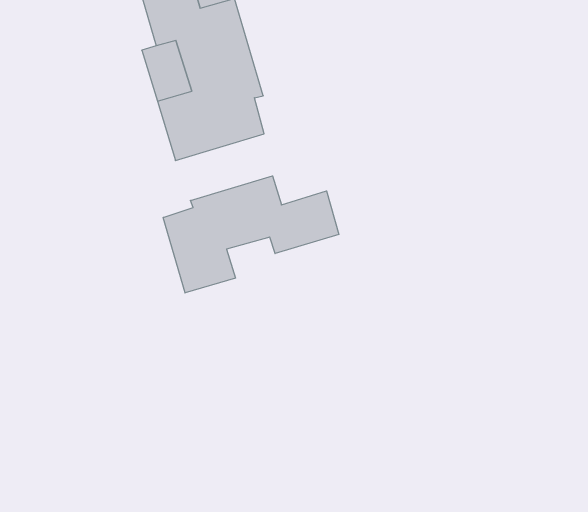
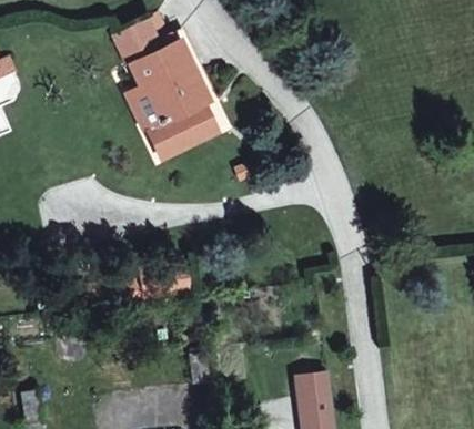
building: [163,176,339,293] -> none

